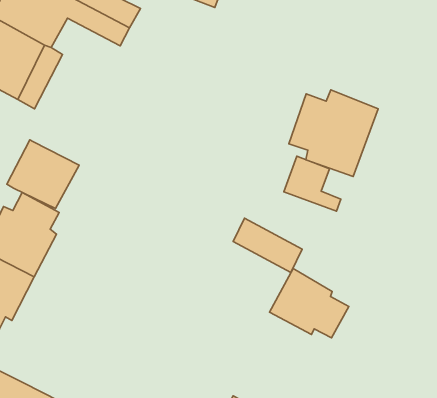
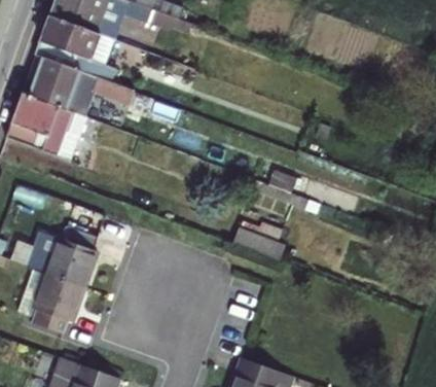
building: [289,90,378,176] -> none
building: [7,140,79,209] -> none
building: [270,268,349,338] -> none

